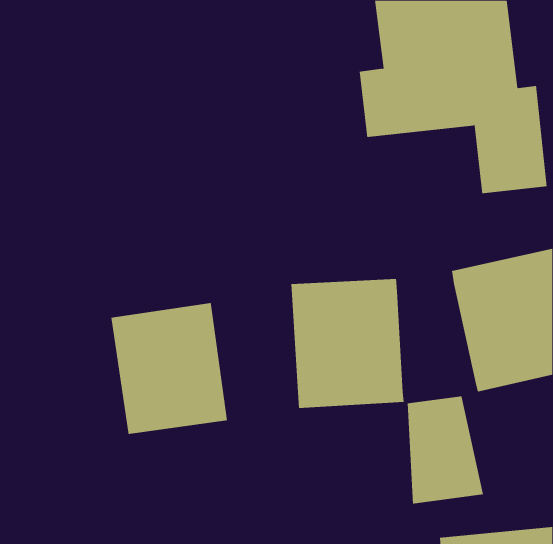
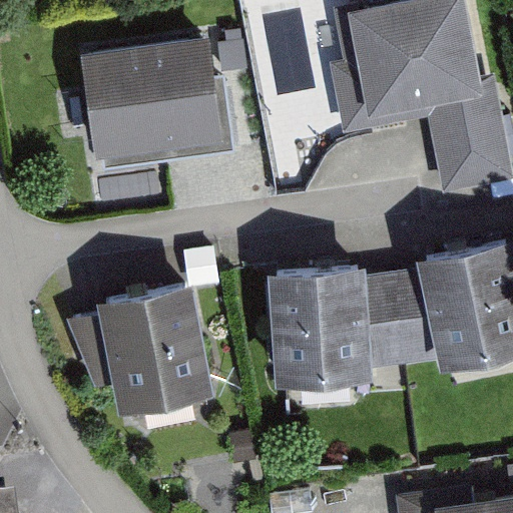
building: none -> [85,41,226,165]
building: [407,396,484,504] -> [368,272,439,372]

